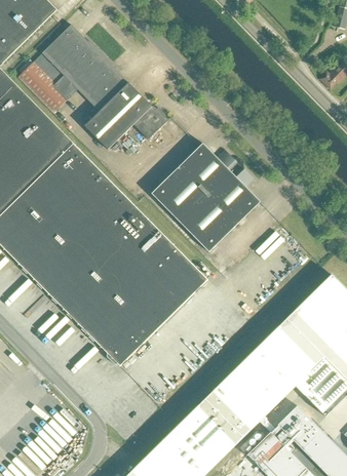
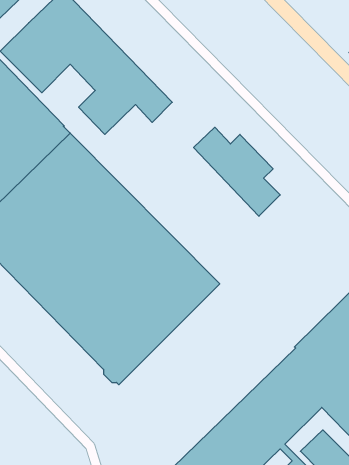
building: [151,161,240,252] -> none

